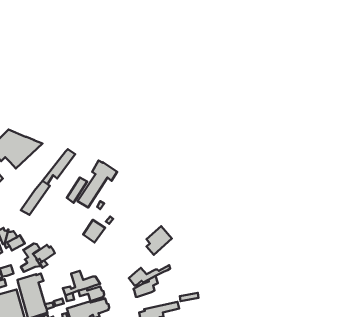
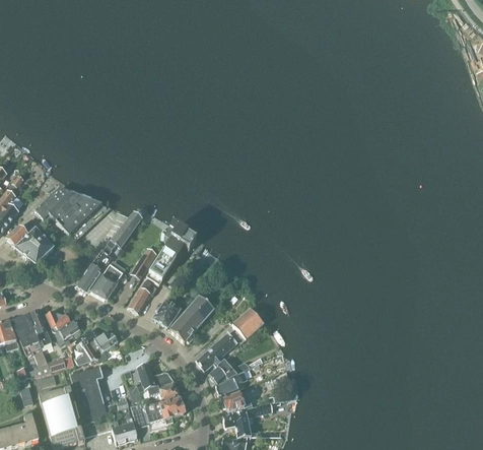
building: none -> [89,263,122,299]
building: none -> [127,279,157,314]
building: none -> [168,296,213,342]
building: none -> [195,332,235,372]
building: none -> [221,390,253,410]

